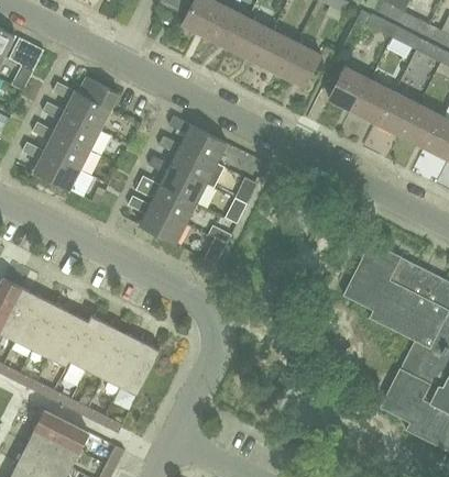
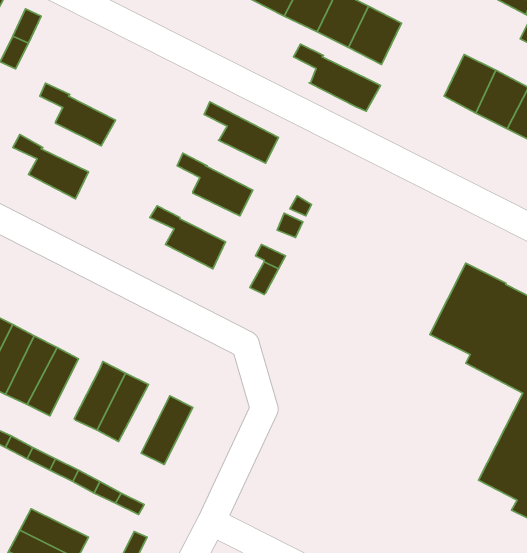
building: [328,67,369,111] -> none
building: [52,77,119,130] -> none
building: [32,121,89,169] -> none
building: [157,135,224,187] -> [293,44,381,111]
building: [134,176,196,223] -> none
building: [50,313,88,366] -> none
building: [102,333,142,386] -> none
building: [35,411,88,451] -> none

